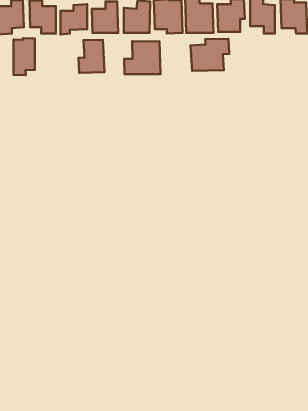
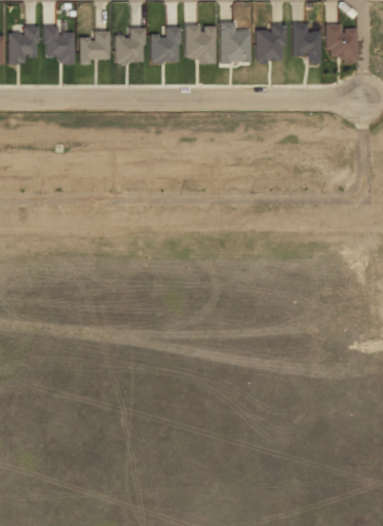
building: [14,38,35,75] -> none
building: [191,39,229,71] -> none
building: [79,40,104,73] -> none
building: [124,41,160,74] -> none

